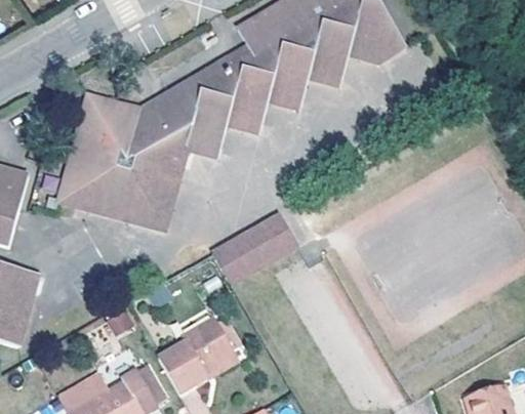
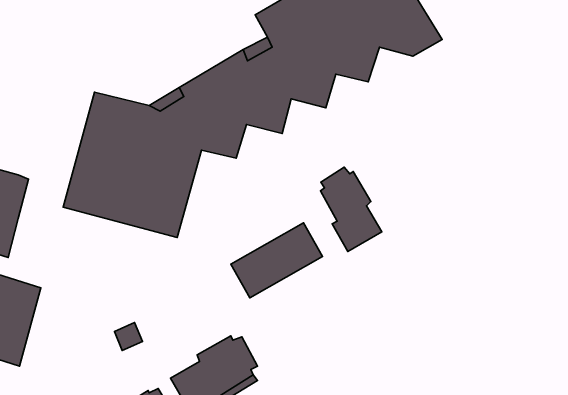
building: none -> [321,167,382,251]

